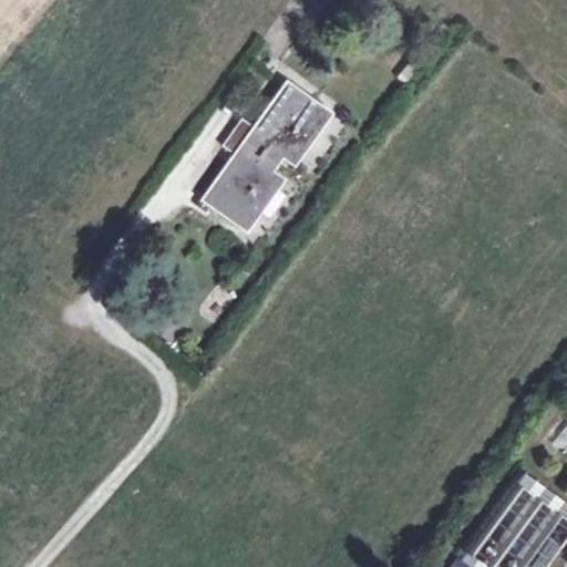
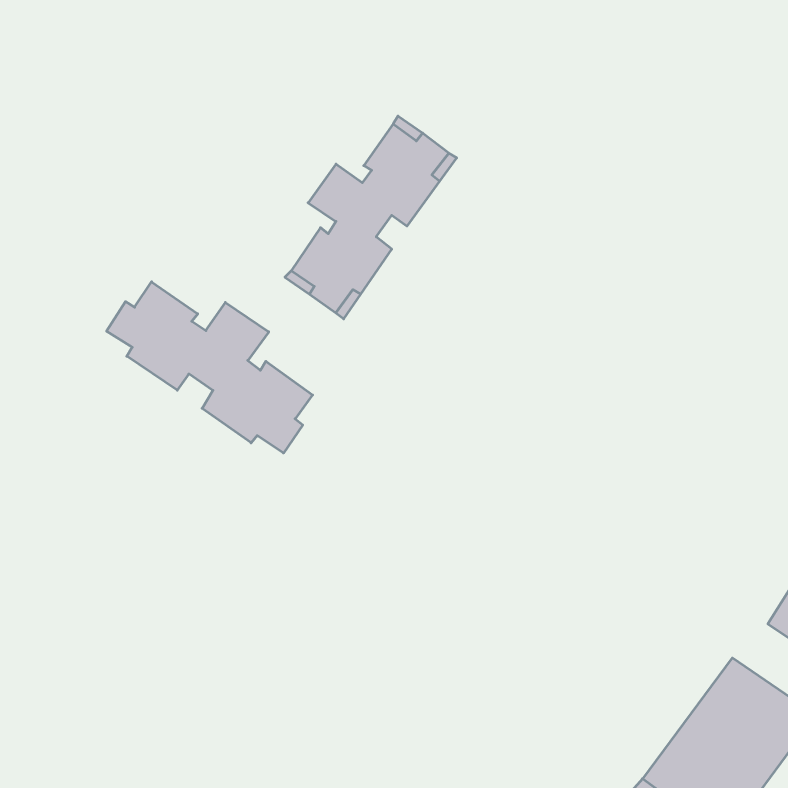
building: none -> [107,282,313,453]

